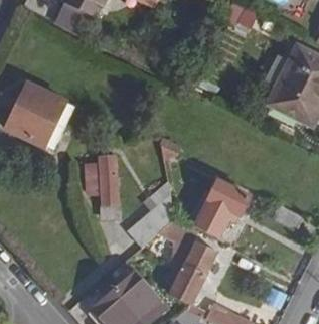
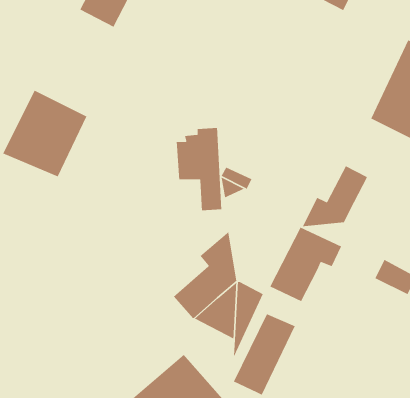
building: none -> [302,165,368,227]
building: [85,157,118,217] -> [176,127,222,211]

